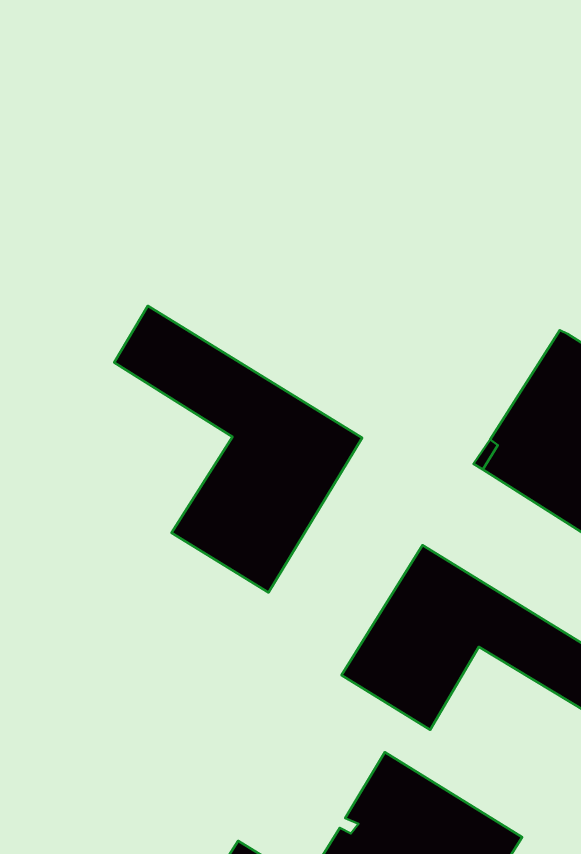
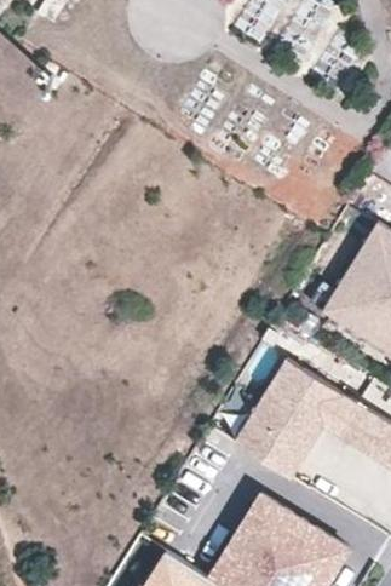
building: [114,306,362,592] -> none

